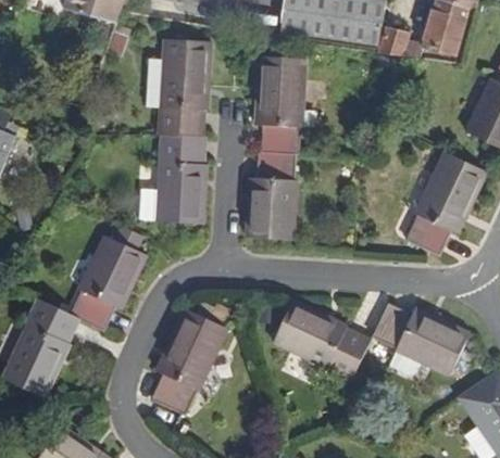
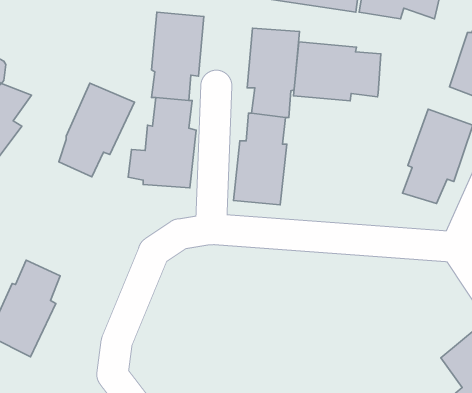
building: none -> [294,42,381,101]
building: [65,232,142,328] -> [59,83,134,177]
building: [150,310,222,408] -> none
building: [265,311,361,386] -> none
building: [363,314,461,386] -> none

